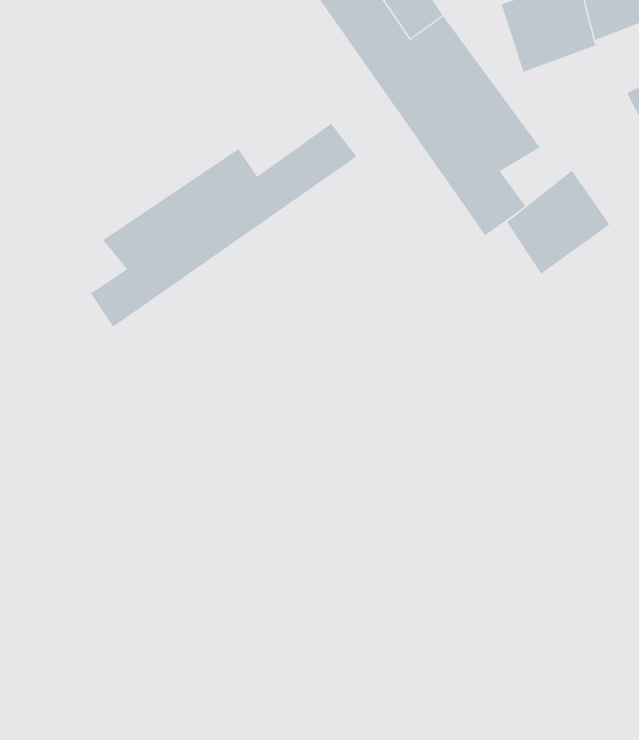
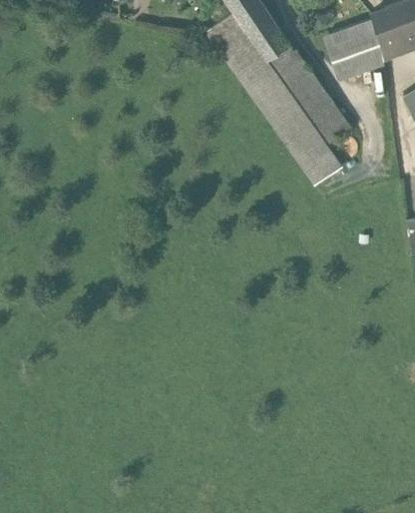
building: [90,123,357,328] -> none
building: [506,170,610,274] -> none

